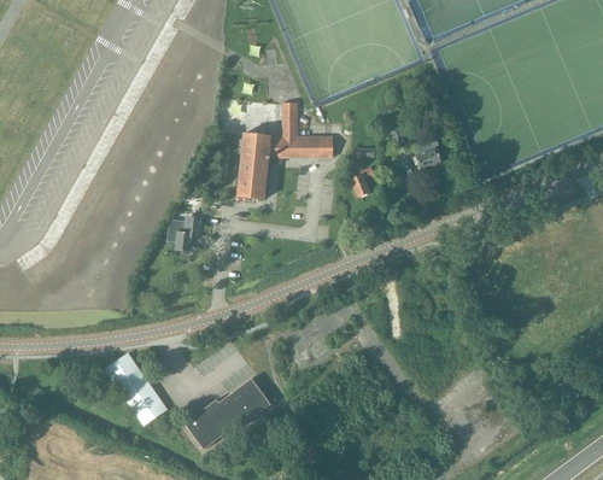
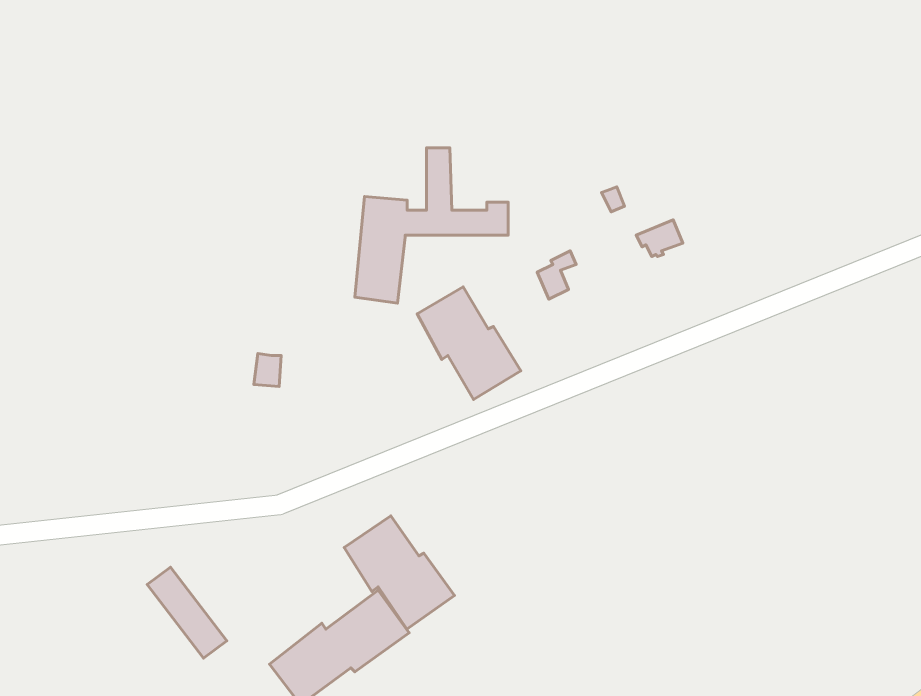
building: none -> [417,287,521,399]
building: none -> [344,516,454,629]

